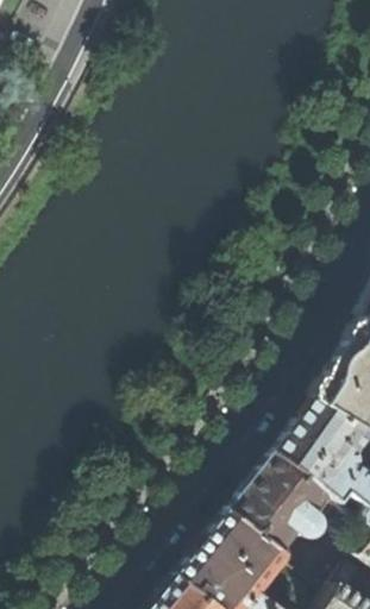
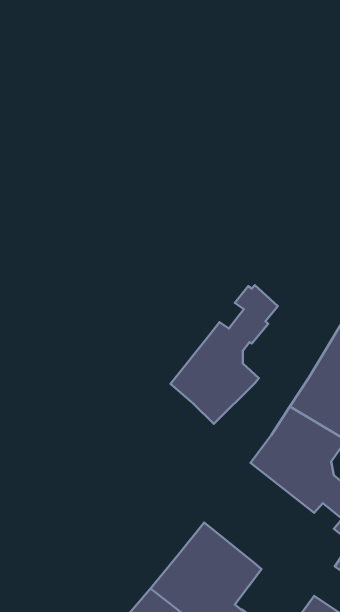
building: none -> [170,285,278,424]
building: [236,457,331,554] -> none

